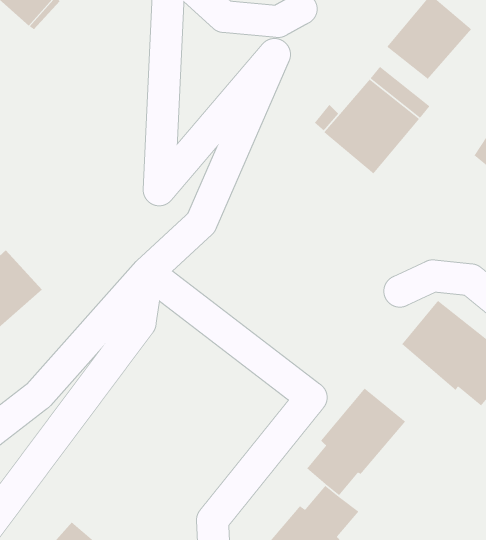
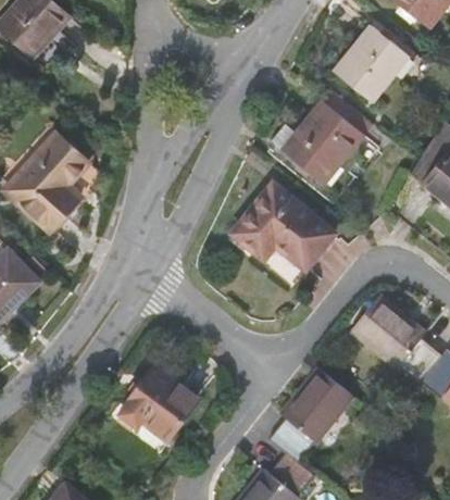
building: none -> [9,136,86,229]
building: none -> [232,185,334,268]
building: none -> [124,366,201,438]

